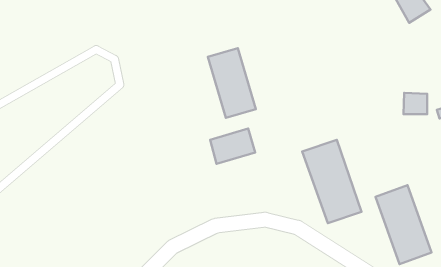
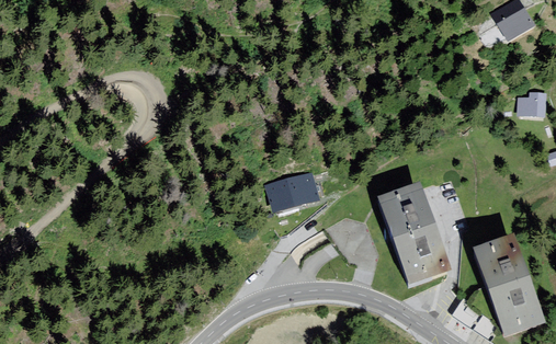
building: [208,48,256,118] -> none
building: [403,93,427,114] -> [515,91,545,117]

